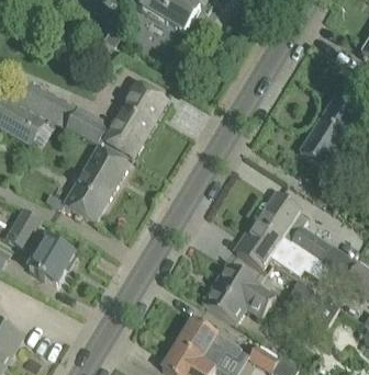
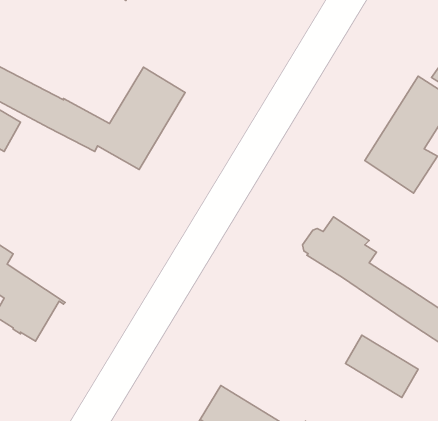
building: [63,146,128,223] -> none
building: [235,221,327,282] -> none
building: [201,263,276,325] -> none

